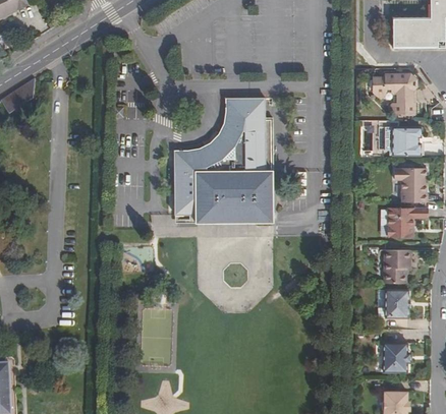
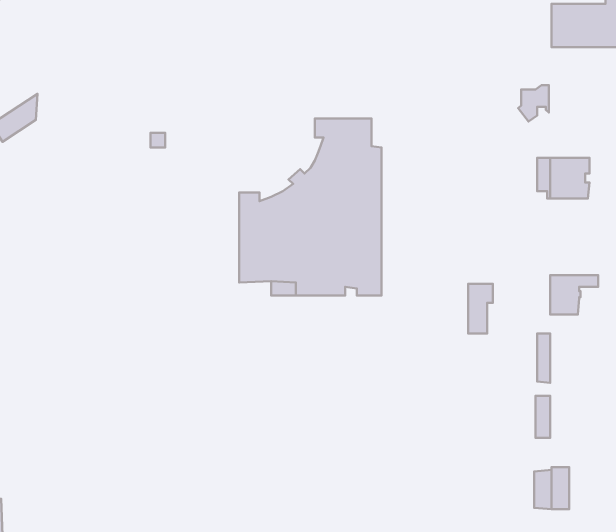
building: [391,74,415,114] -> none
building: [182,98,233,156] -> none
building: [394,166,427,201] -> none
building: [392,248,409,283] -> [468,284,493,333]
building: [392,292,406,321] -> none

